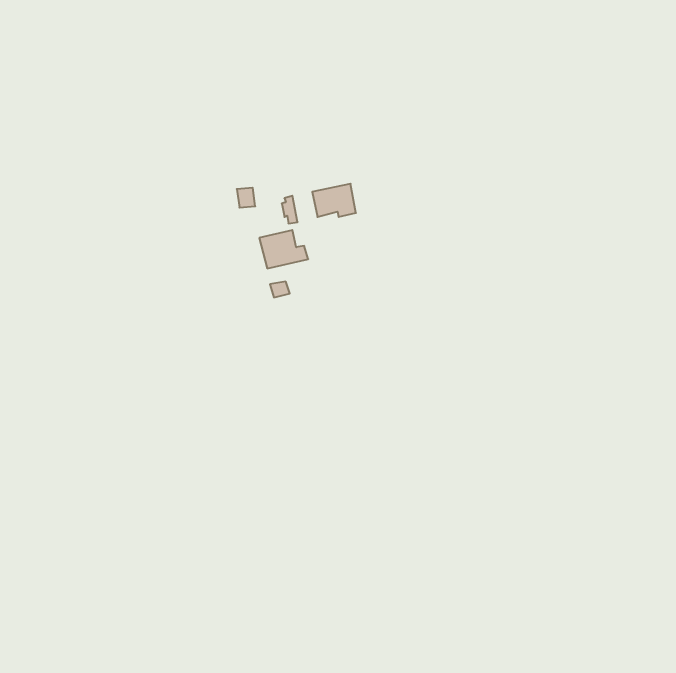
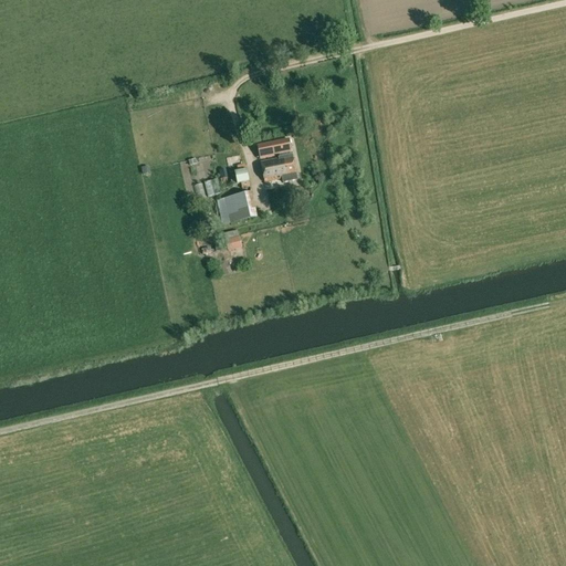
building: none -> [256,137,292,158]

